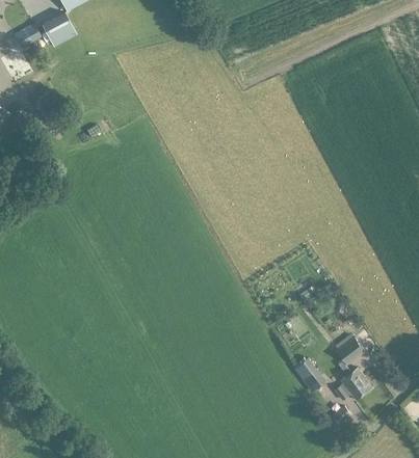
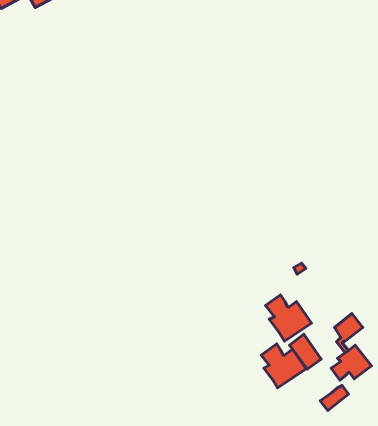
building: none -> [266,295,312,341]
building: none -> [261,344,306,388]

